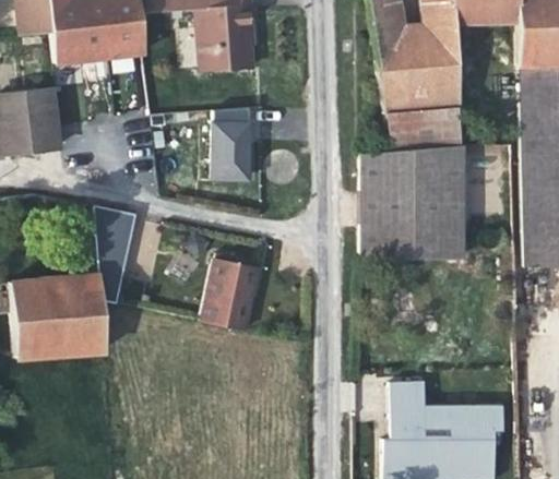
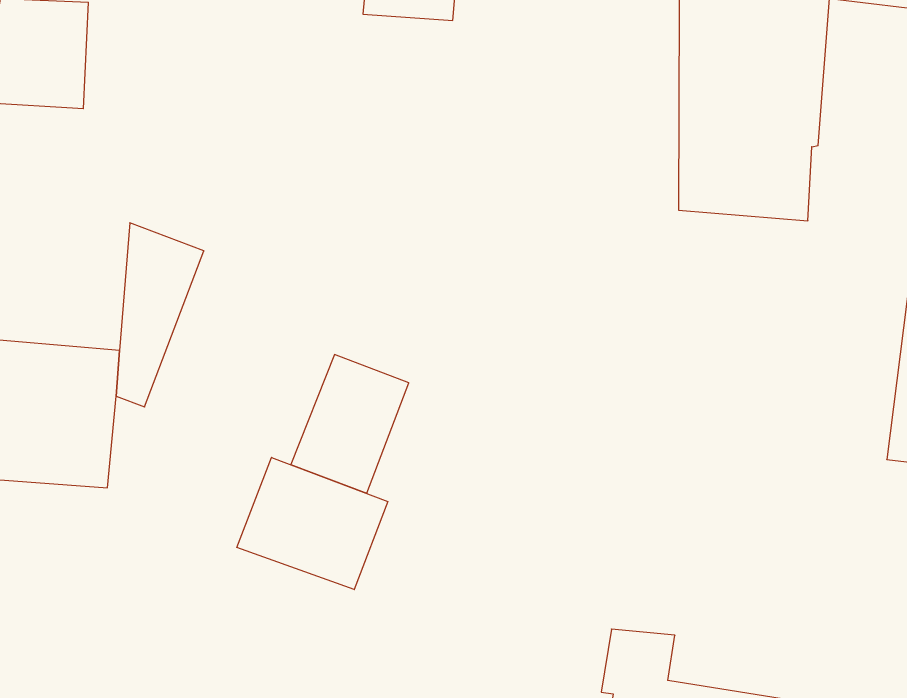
building: [214,108,251,179] -> none
building: [362,145,463,258] -> none
building: none -> [237,457,388,590]

